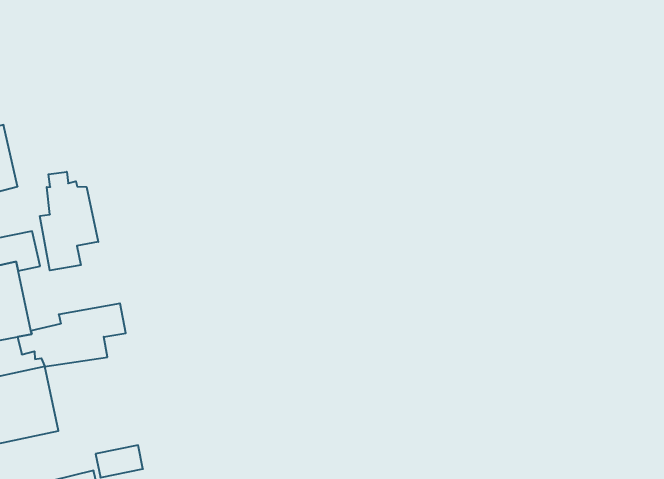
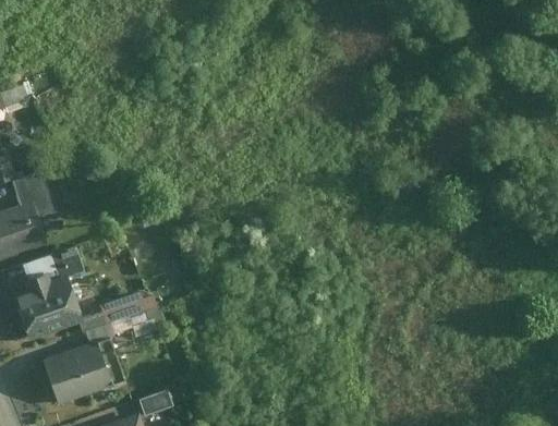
building: [40,172,98,270] -> none

